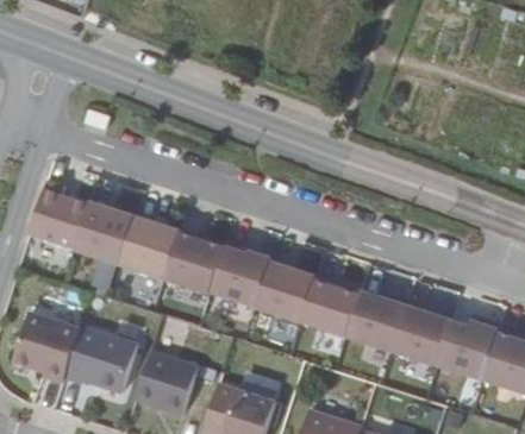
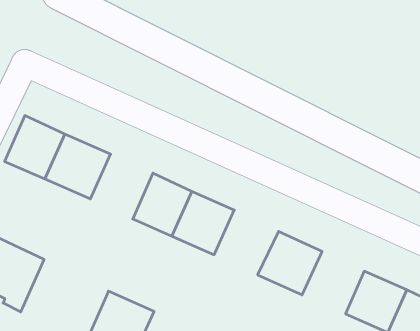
building: [120,215,181,278] -> none
building: [252,258,315,321] -> none
building: [346,290,407,351] -> none
building: [64,326,136,394] -> none

